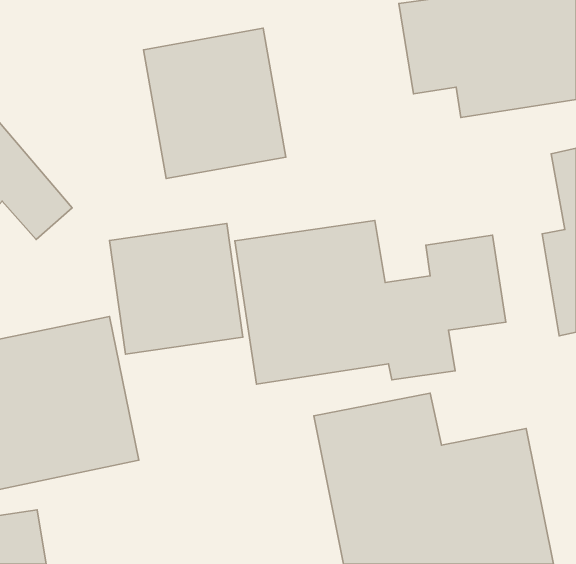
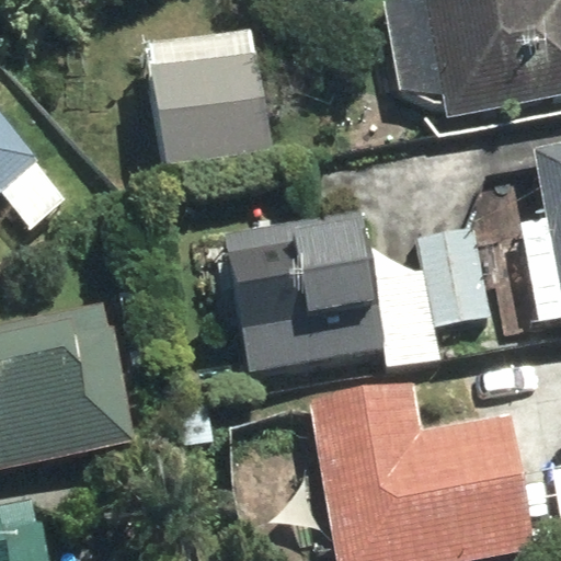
building: [109,223,243,354] -> none

